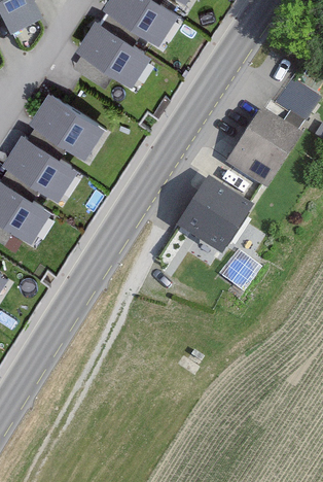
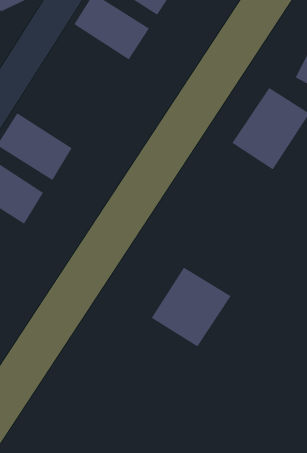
building: [30,94,103,158] -> none
building: [175,179,251,255] -> [151,267,232,347]

